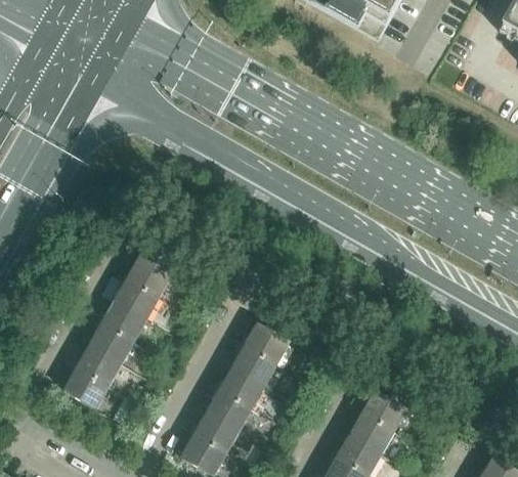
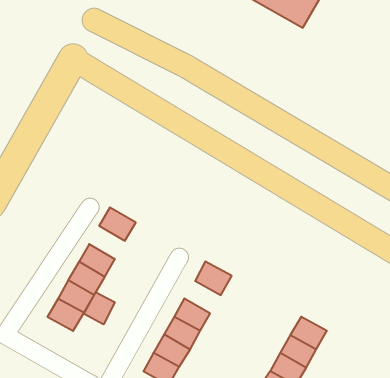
building: [115,278,159,319] -> none
building: [231,346,276,386] -> none
building: none -> [84,292,115,324]

